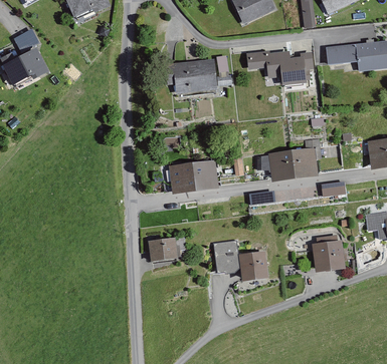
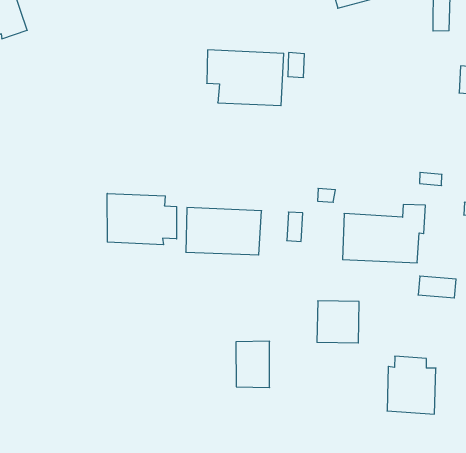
building: [244,50,313,85] -> none
building: none -> [107,193,177,245]
building: [148,237,180,262] -> none
building: [239,251,269,281] -> [317,301,359,343]

